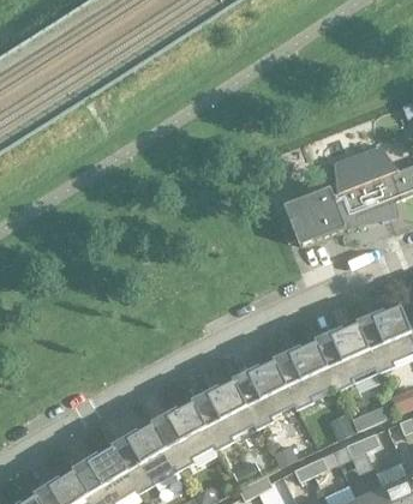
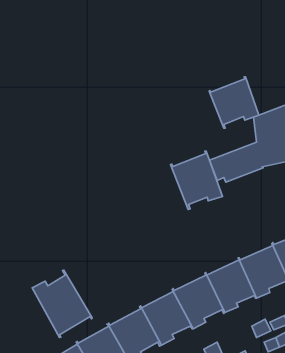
building: none -> [209,77,259,128]
building: none -> [170,151,223,210]
building: none -> [32,270,92,337]

